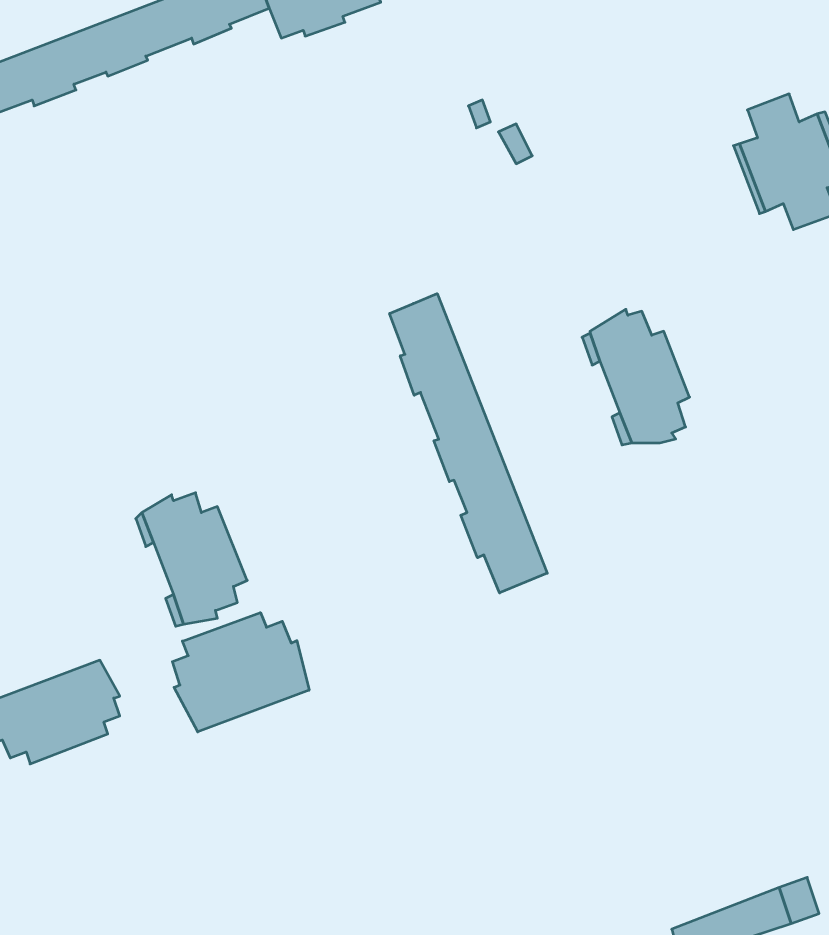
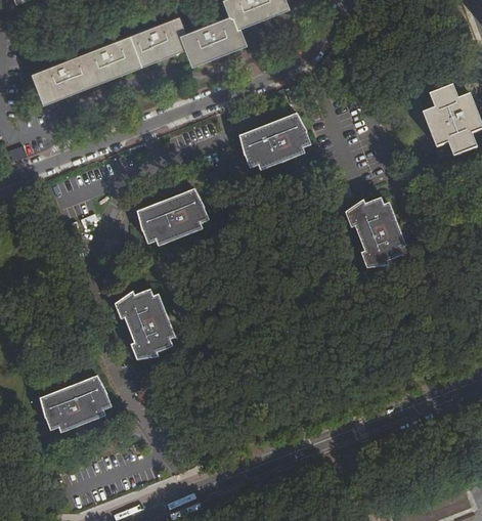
building: none -> [235,117,304,169]
building: [390,294,547,593] -> none
building: none -> [138,190,208,243]
building: [172,613,309,732] -> none

